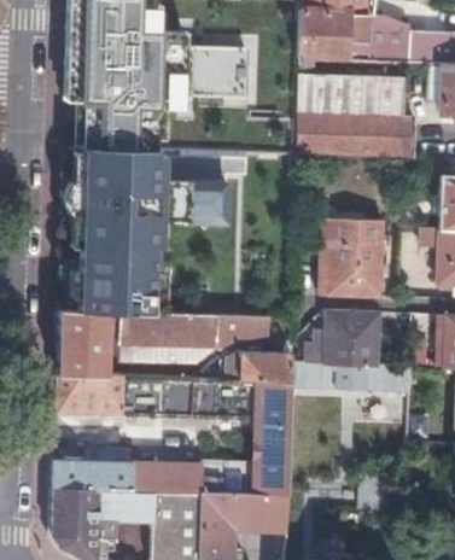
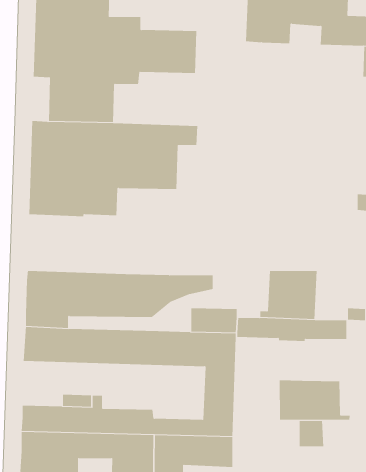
building: [297,59,416,157] -> none
building: [319,216,384,296] -> none
building: [59,250,169,315] -> none
building: none -> [279,379,350,420]

